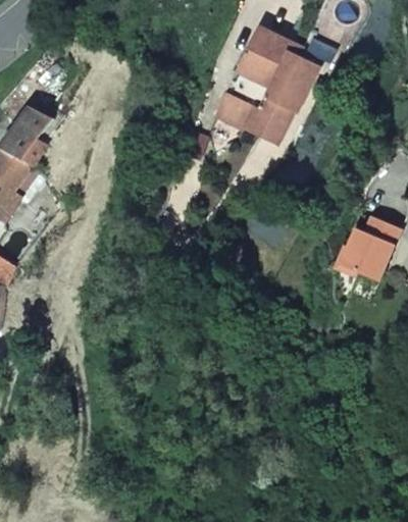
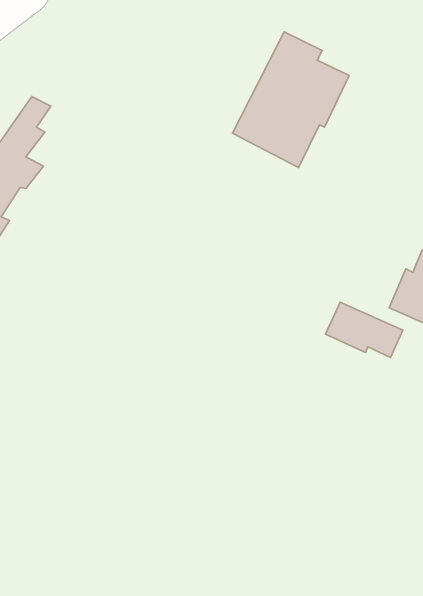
building: none -> [326,302,403,357]

